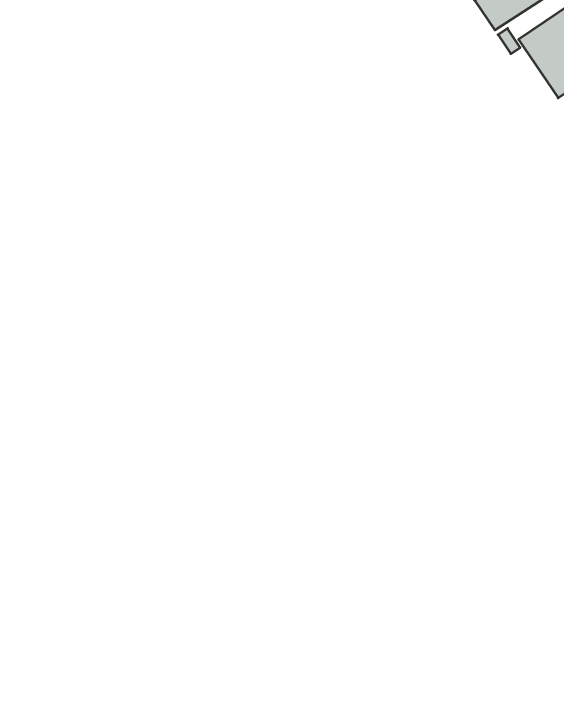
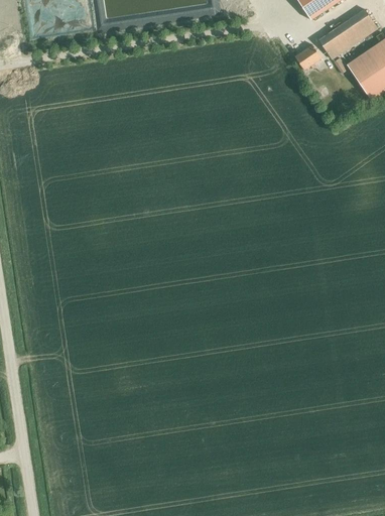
building: none -> [294,44,322,70]

